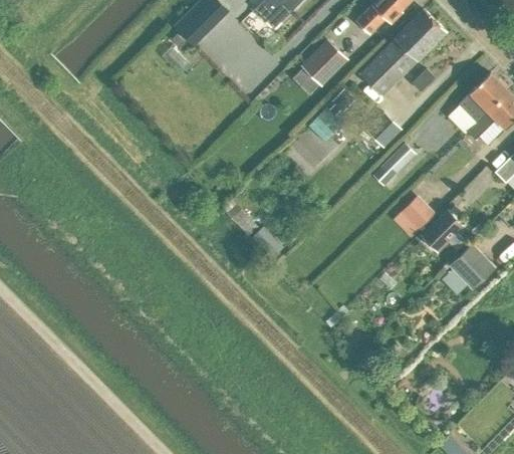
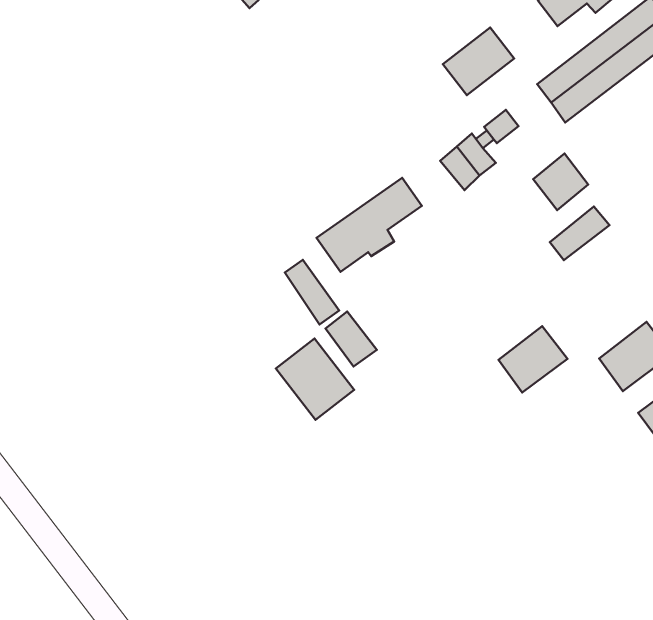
building: none -> [317,178,422,272]
building: [393,196,435,238] -> [498,326,568,393]
building: none -> [276,338,354,420]

